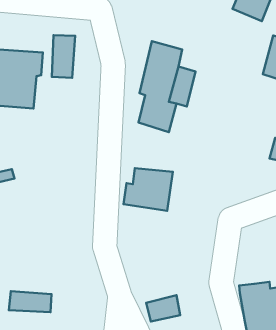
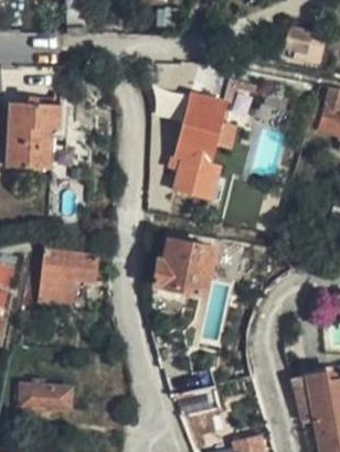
building: [52,35,75,78] -> none
building: none -> [40,248,96,303]

